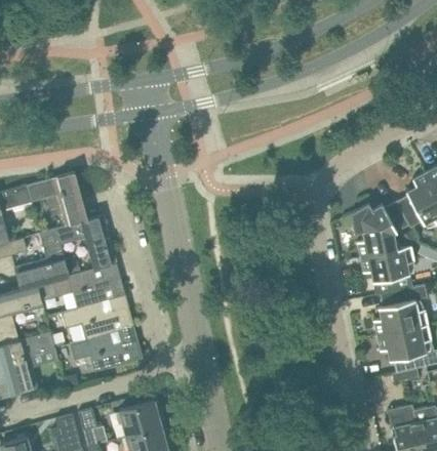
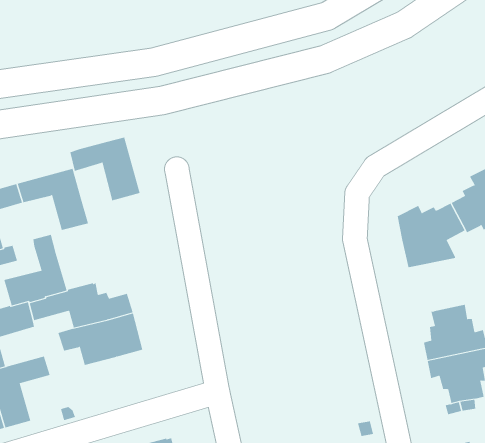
building: [55,215,116,271] -> [69,137,140,202]
building: [359,246,414,294] -> none
building: [69,333,143,372] -> none

